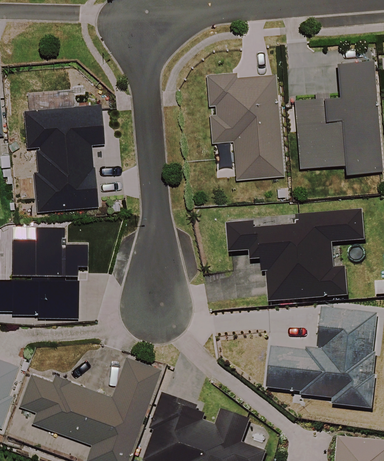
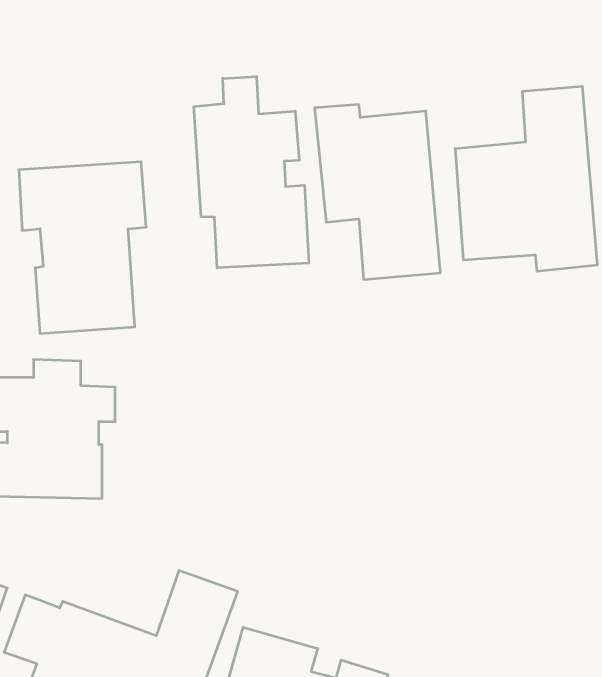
building: none -> [194,77,309,268]
building: [227,212,366,299] -> none
building: [267,311,375,407] -> none

